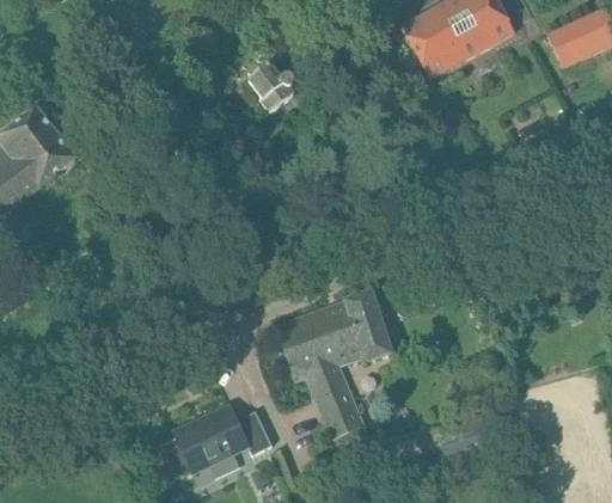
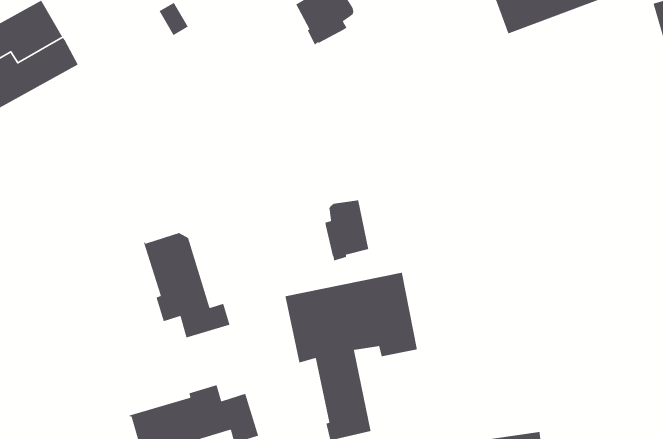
building: none -> [325,199,369,261]
building: none -> [143,232,231,338]

